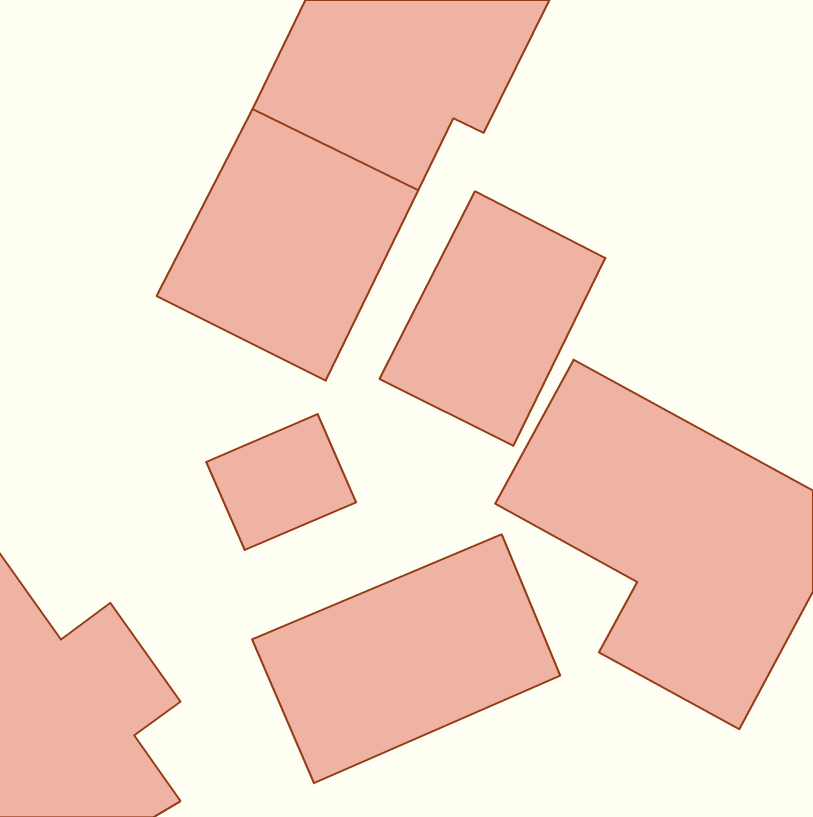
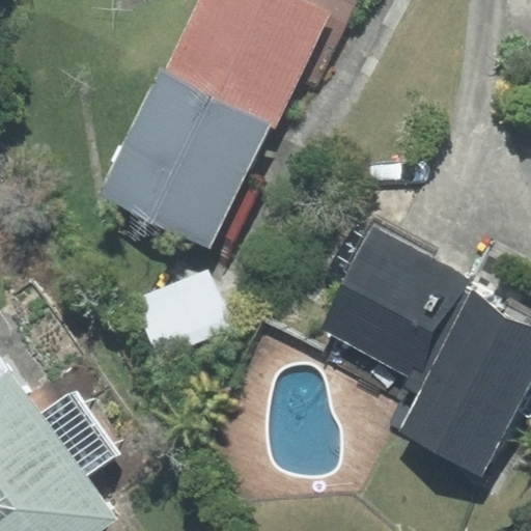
building: [380,191,605,446] -> none
building: [252,534,560,783] -> none

